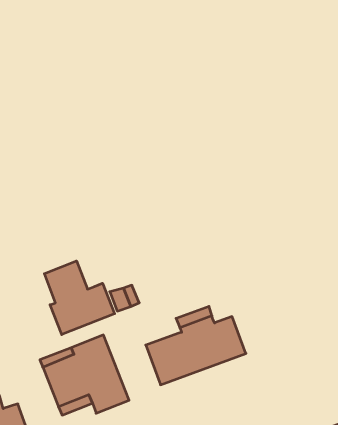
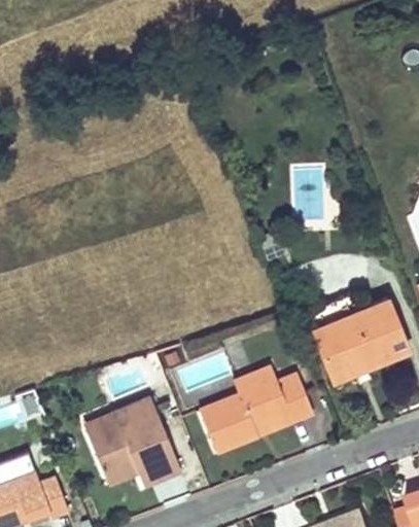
building: none -> [305,293,408,380]
building: [44,261,115,335] -> none

